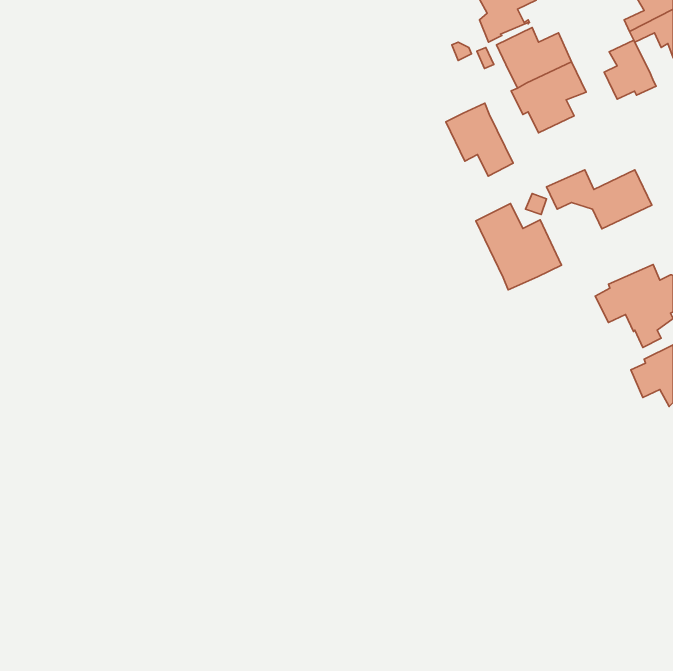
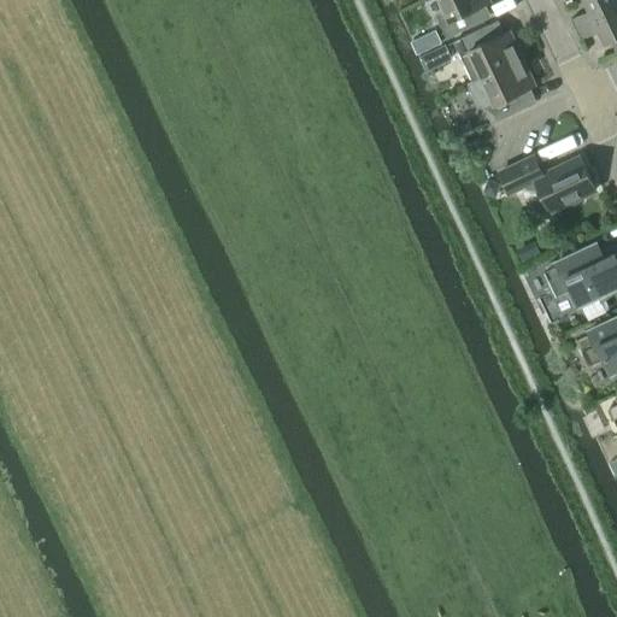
building: [604,40,656,99] -> none
building: [446,103,513,176] -> none
building: [476,203,561,290] -> none

